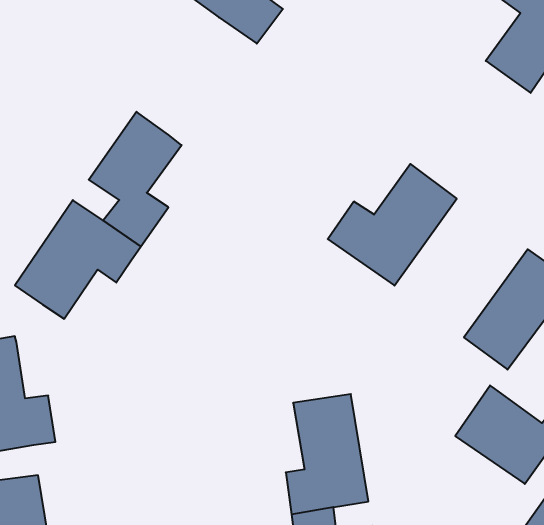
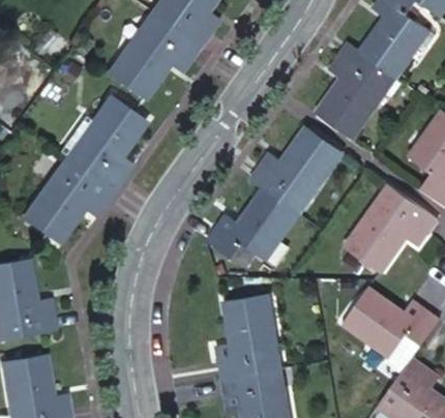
building: none -> [109,25,200,97]
building: none -> [319,46,384,140]
building: none -> [207,192,298,265]

